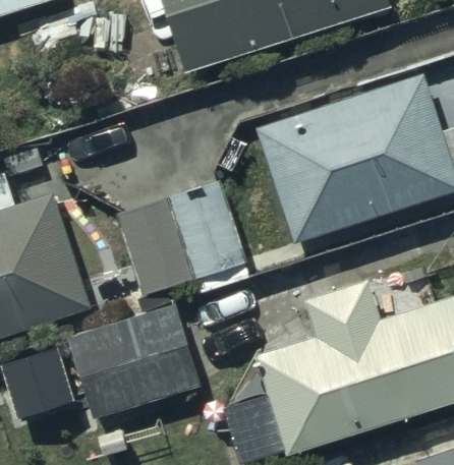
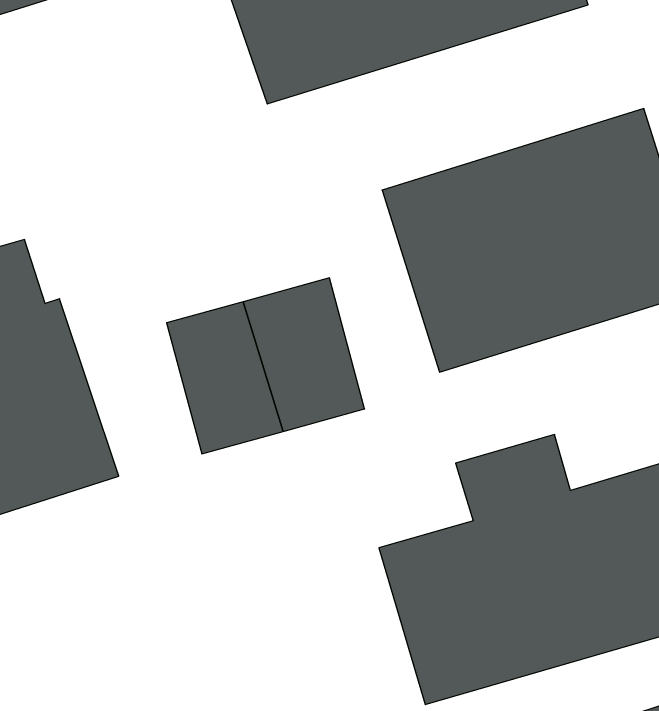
building: [64,299,201,419] -> none

